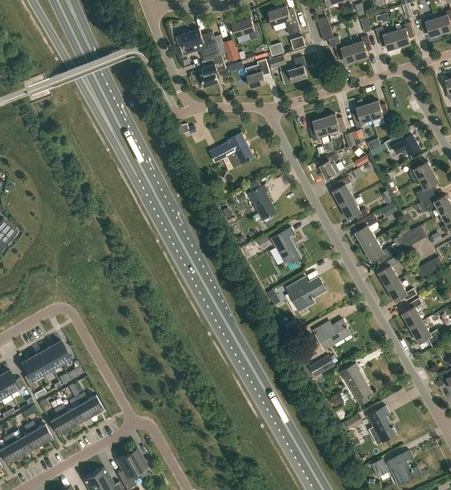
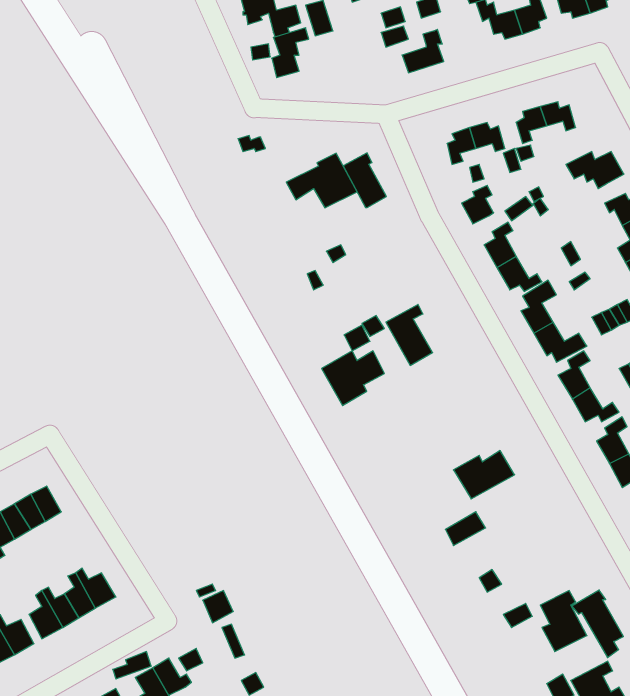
building: [244,59,269,88] -> none
building: [248,186,275,220] -> [343,153,386,208]
building: [286,277,325,311] -> [322,351,384,406]
building: [338,363,370,405] -> [572,590,623,658]

